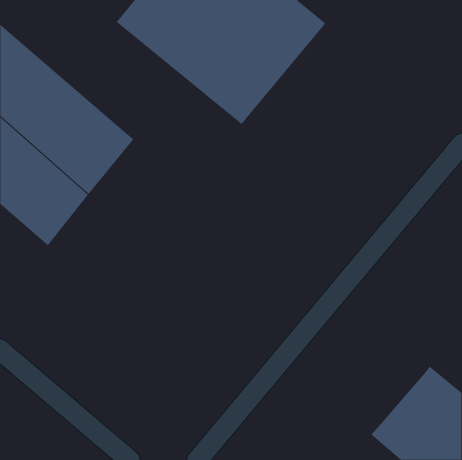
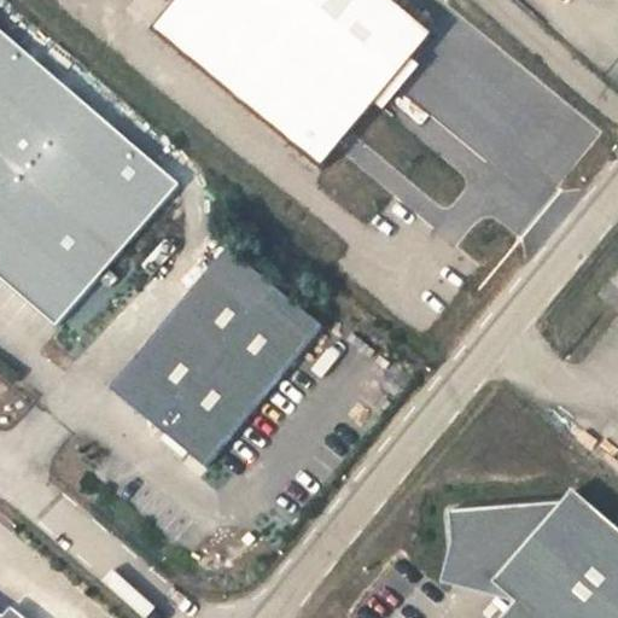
building: none -> [110,245,322,465]
building: none -> [448,499,564,583]

